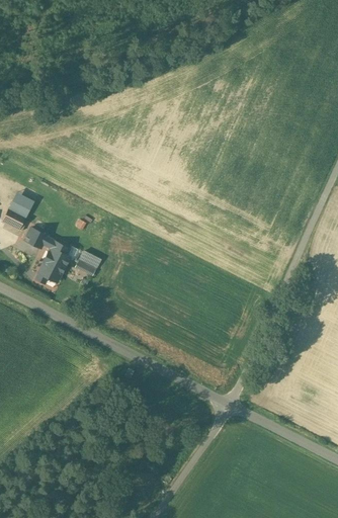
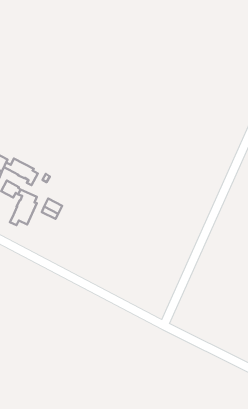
building: none -> [4,158,38,185]

